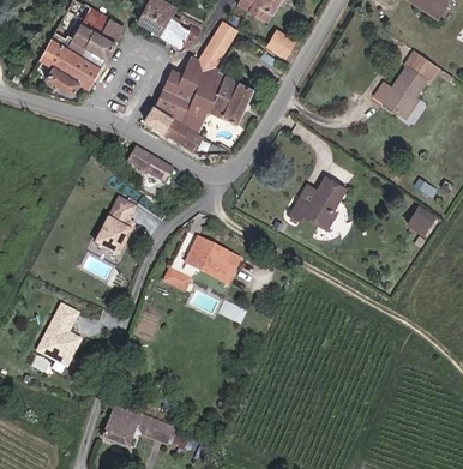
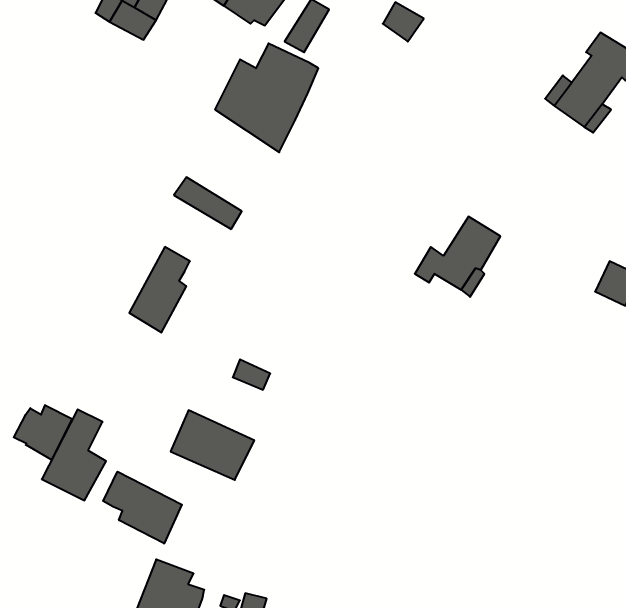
building: [38,38,100,92] -> none
building: [208,83,251,124] -> none
building: [144,106,203,152] -> none
building: [185,237,241,284] -> [171,410,254,480]
building: none -> [14,405,72,460]
building: none -> [103,472,182,544]

